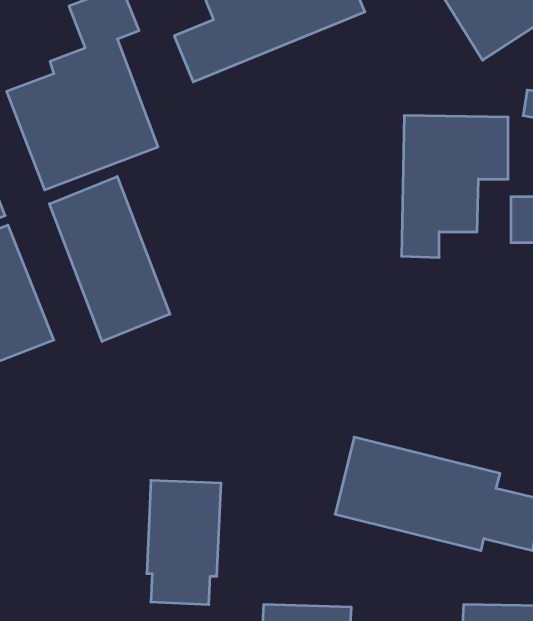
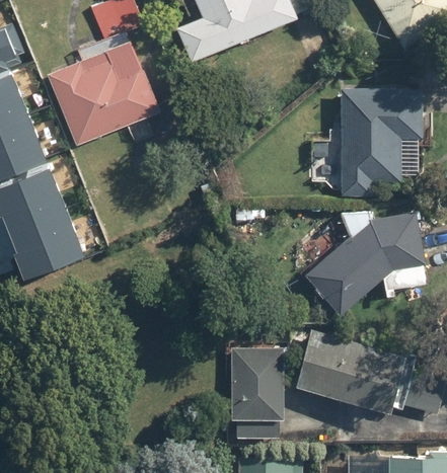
building: [49,176,170,342] -> none
building: none -> [305,212,428,316]
building: [147,480,221,605] -> [232,347,288,441]

